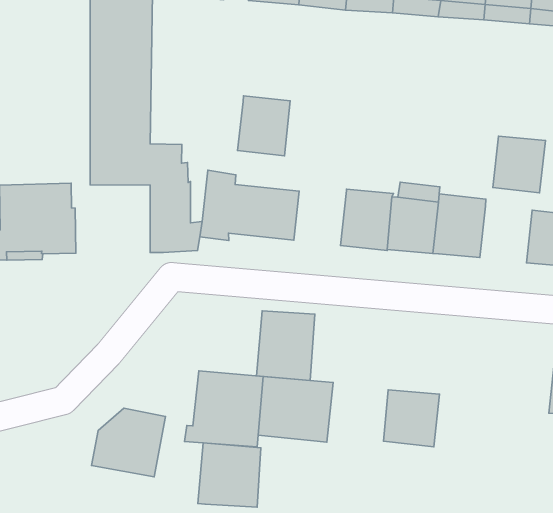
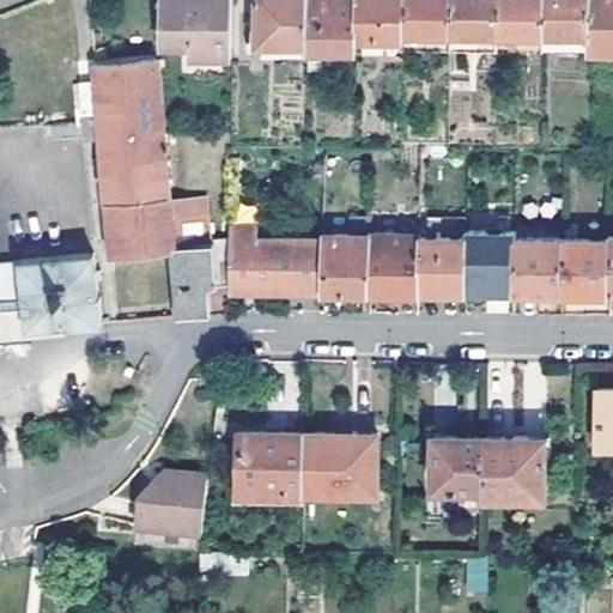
building: [238,96,290,156] -> [320,236,369,293]
building: [493,136,545,193] -> [510,241,559,295]
building: [257,311,315,381] -> none
building: none -> [480,436,541,496]
building: [198,443,261,507] -> none

